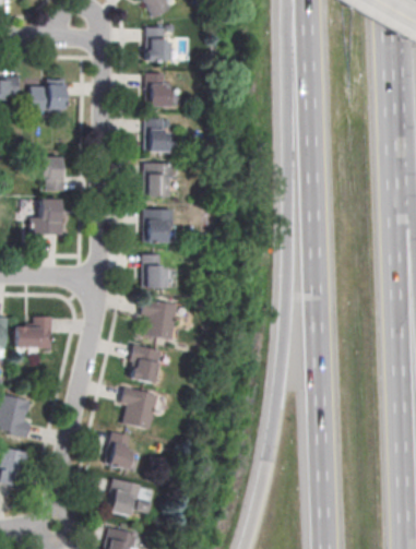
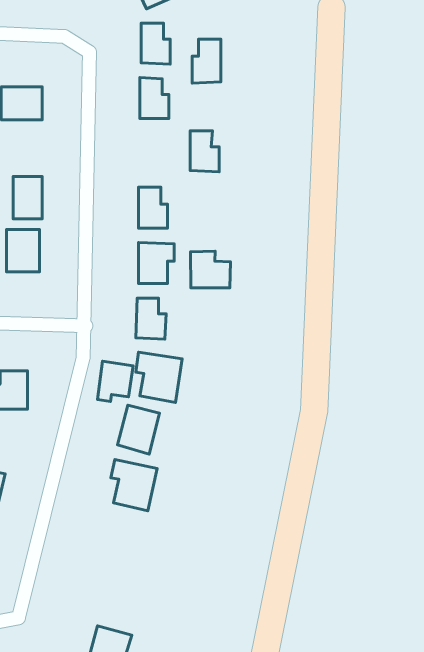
building: none -> [192,39,221,83]
building: [145,119,169,153] -> [190,131,219,172]
building: none -> [190,251,231,288]
building: none -> [98,361,133,401]
building: [104,431,134,469] -> none
building: [107,478,152,516] -> none

